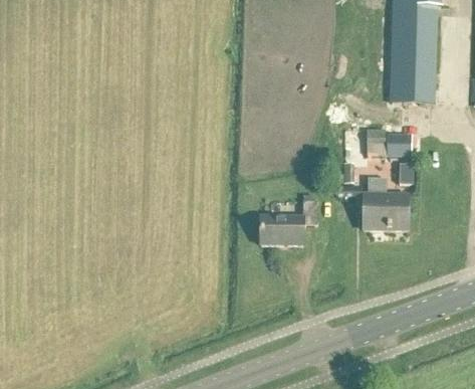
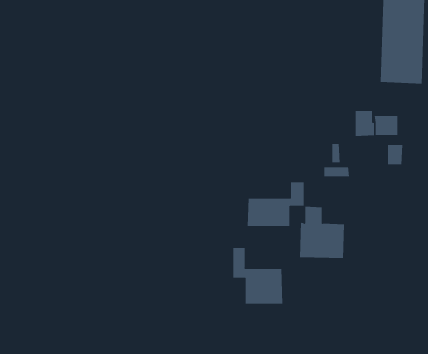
building: [363,177,408,229] -> [299,206,345,259]
building: none -> [233,247,283,304]

